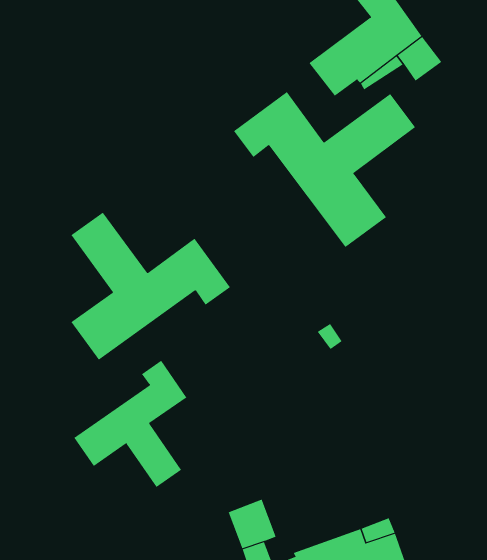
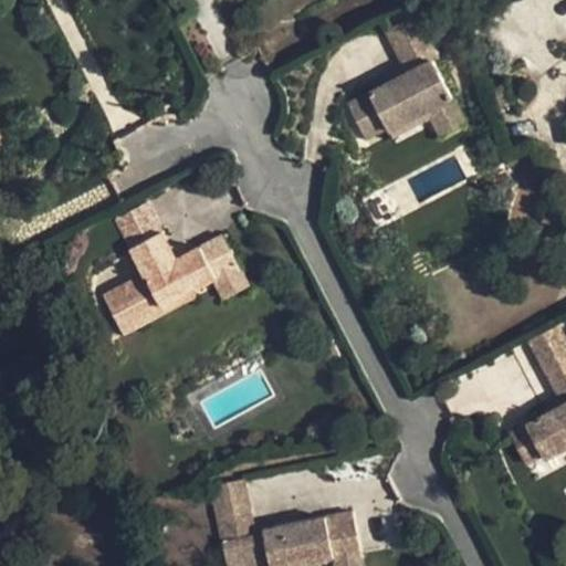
building: [233,91,416,248] -> none
building: [74,360,187,488] -> none

